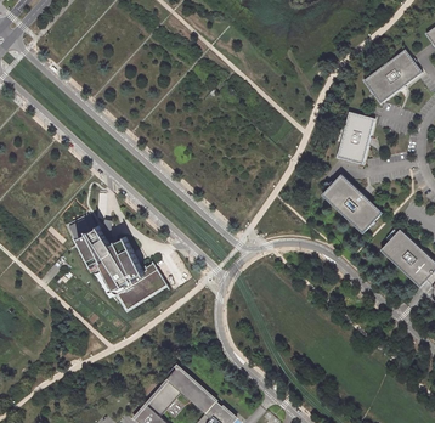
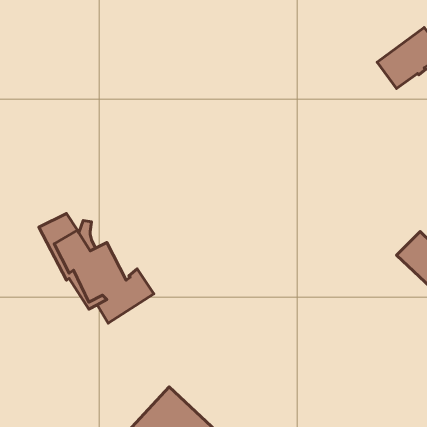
building: [335,112,373,165] -> none
building: [321,174,382,233] -> none

